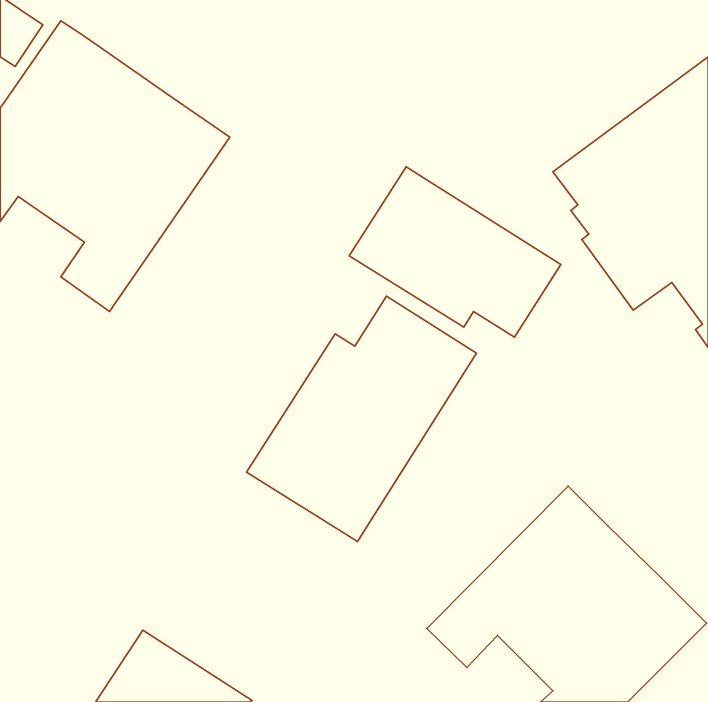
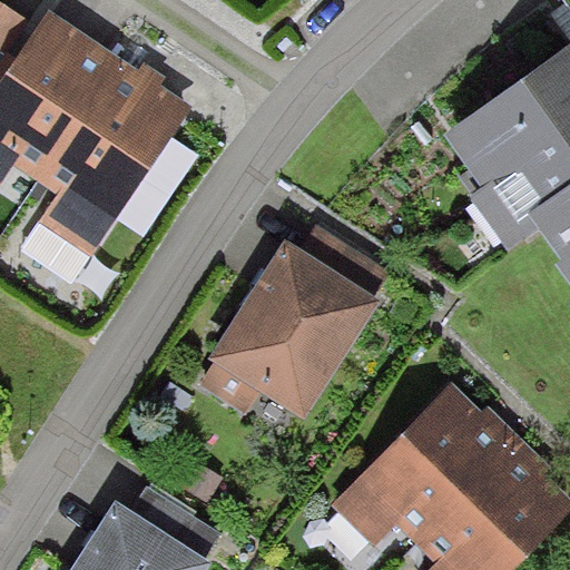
building: [349,167,561,337] -> none

